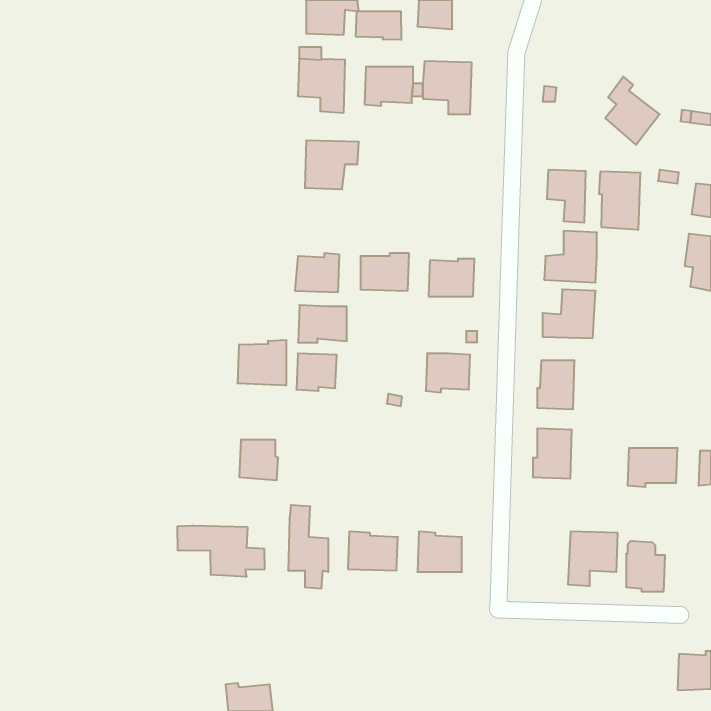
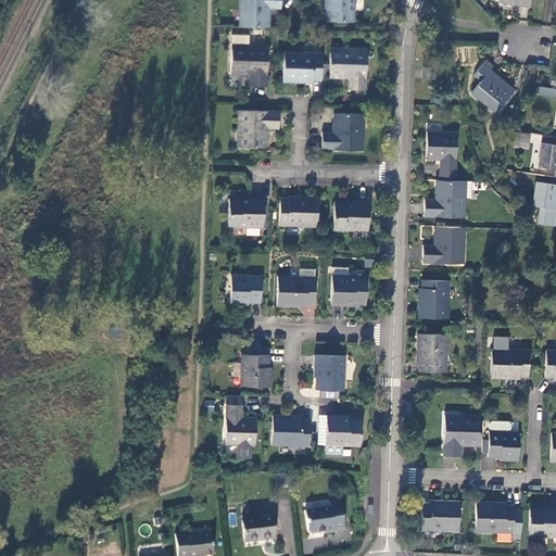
building: [356,11,401,40] -> none
building: none -> [323,113,365,151]
building: [599,171,640,230] -> none
building: [298,305,347,343] -> [278,277,316,306]
building: [238,340,286,386] -> none
building: [239,440,278,480] -> [241,355,271,387]
building: none -> [314,356,344,399]
building: [177,525,265,577] -> none
building: none -> [421,503,459,532]
building: none -> [304,505,343,536]
building: none -> [475,505,514,534]
building: none -> [242,519,274,544]

